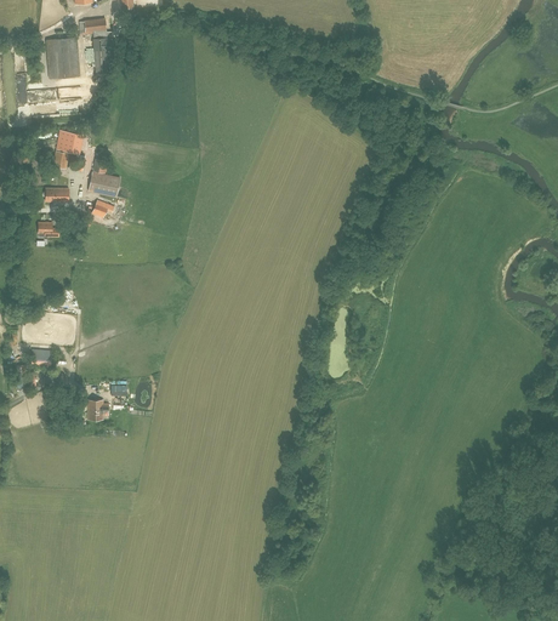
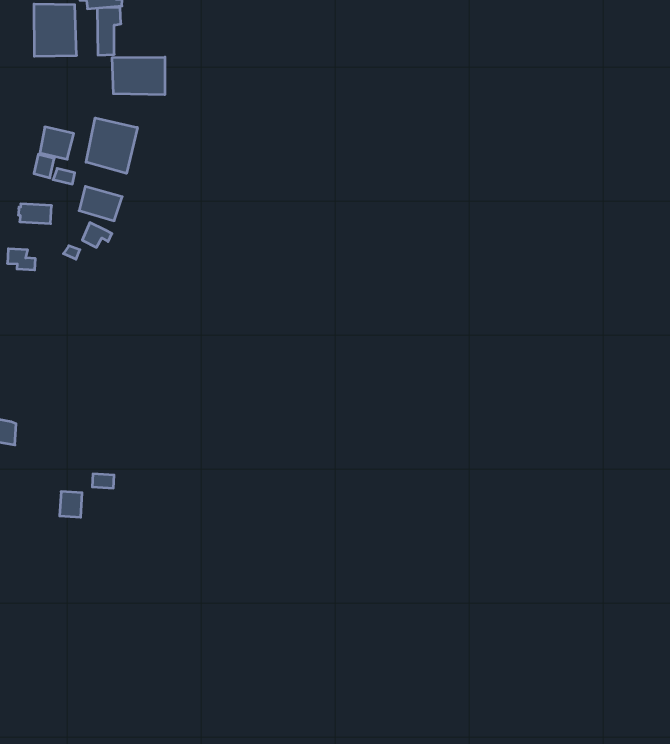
building: none -> [112,57,165,95]
building: none -> [86,118,137,173]

